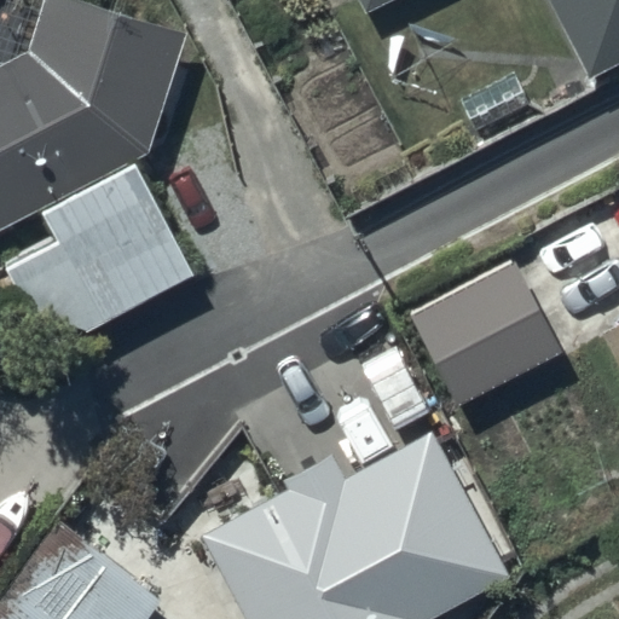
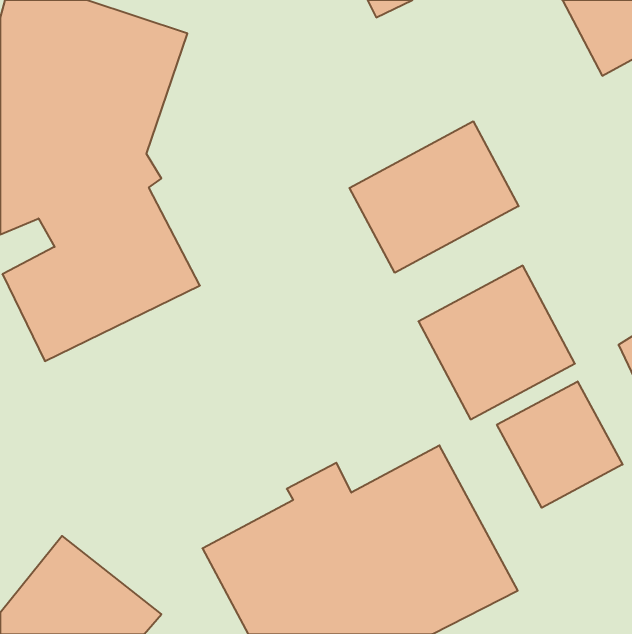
building: none -> [349,121,519,273]
building: none -> [497,381,623,508]

